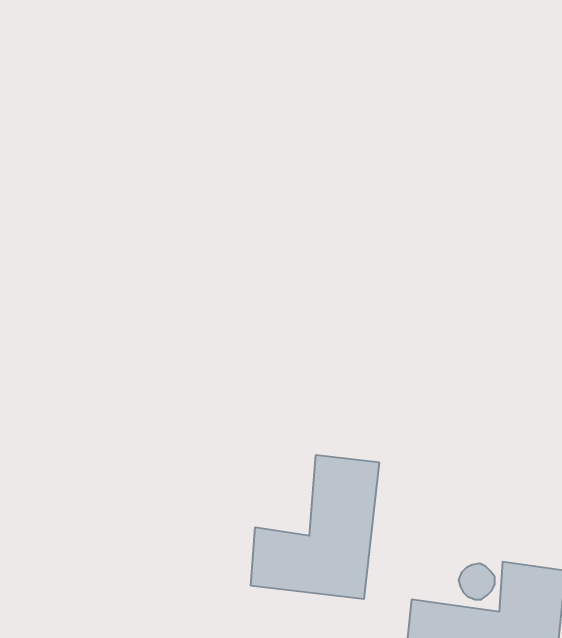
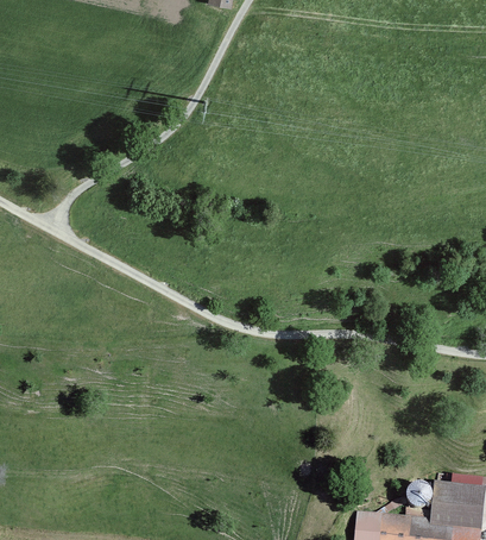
building: [251,455,379,599] -> none

